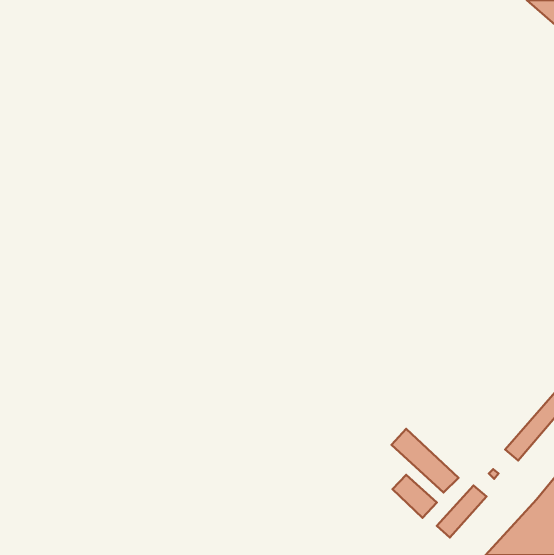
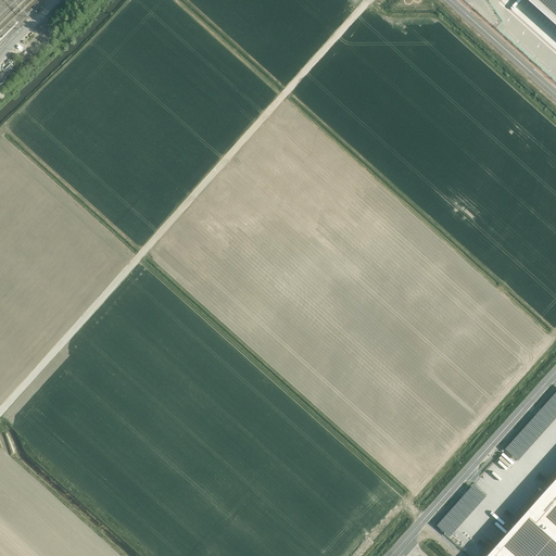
building: [391,429,458,493] -> none
building: [392,475,437,518] -> none

